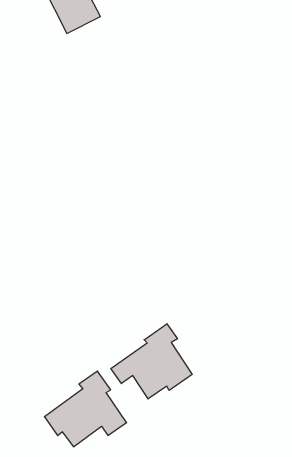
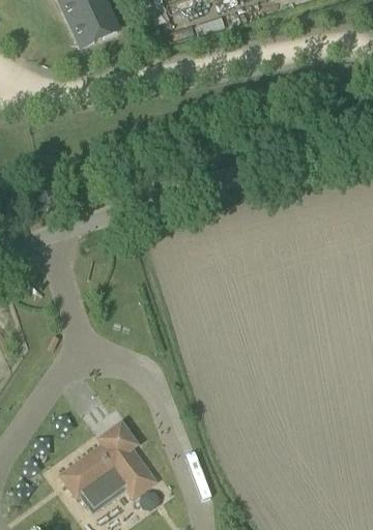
building: [111,324,192,399] -> none

